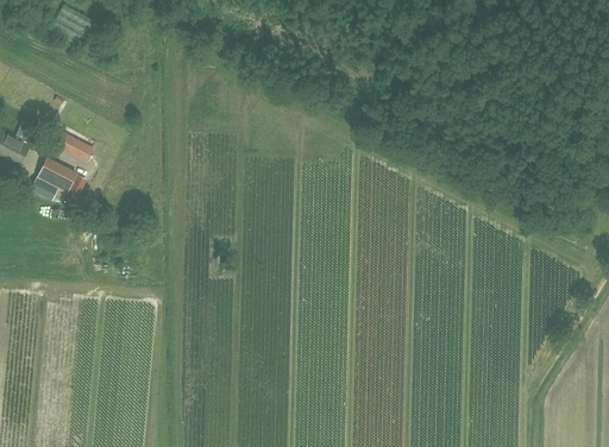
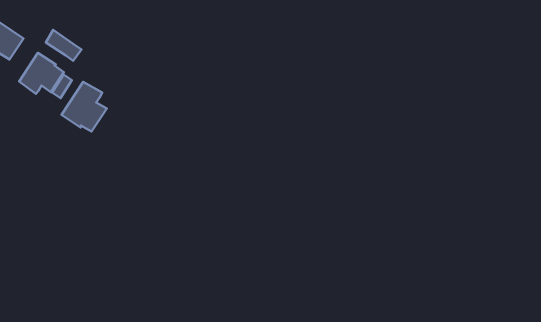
building: none -> [62,82,107,132]

